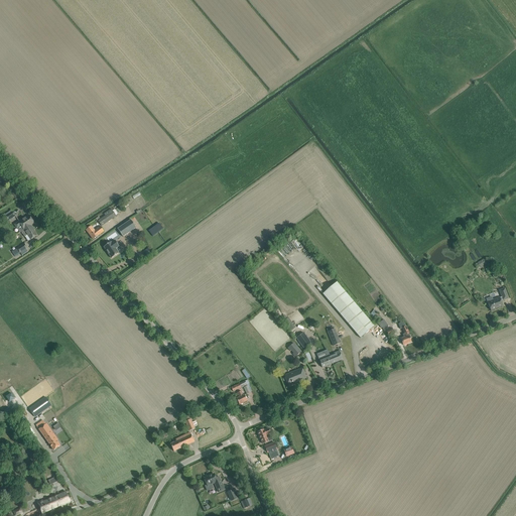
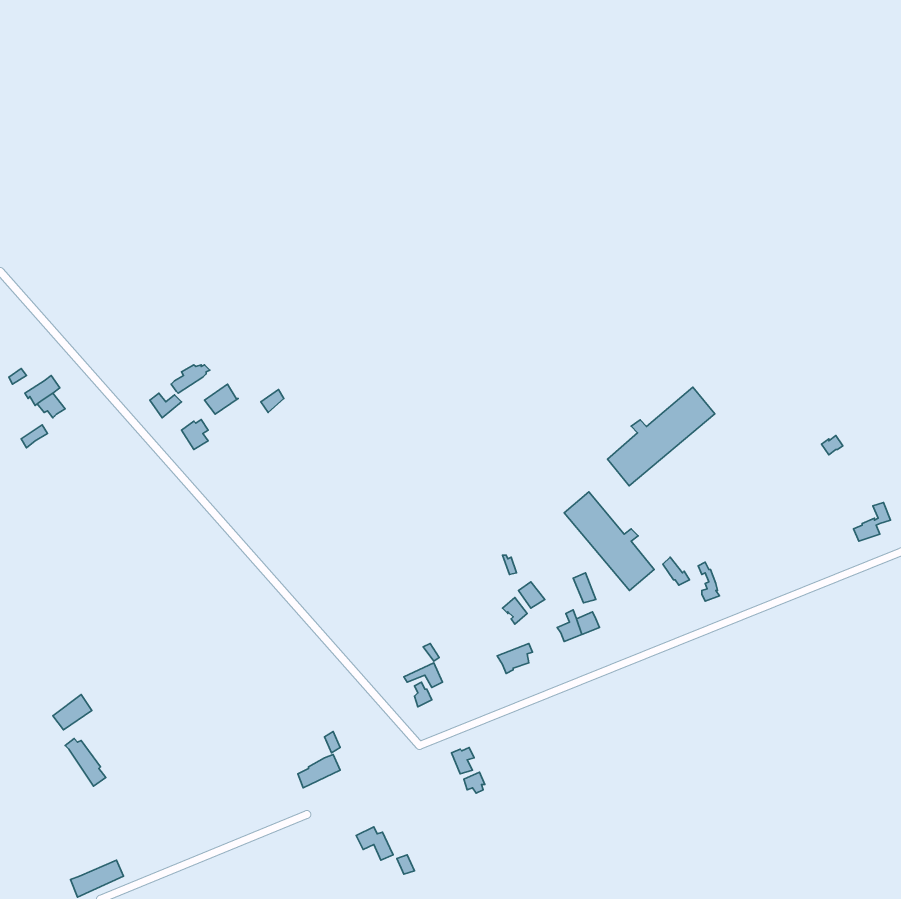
building: none -> [607,387,715,486]

